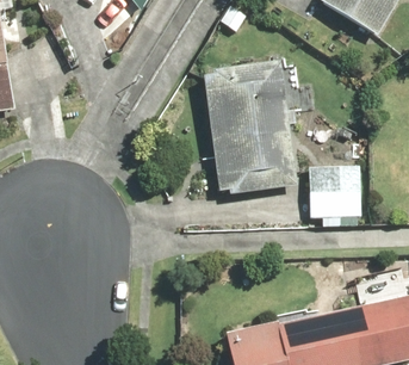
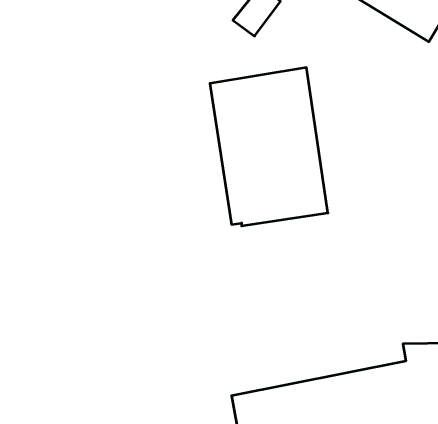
building: [309,163,365,227] -> none

